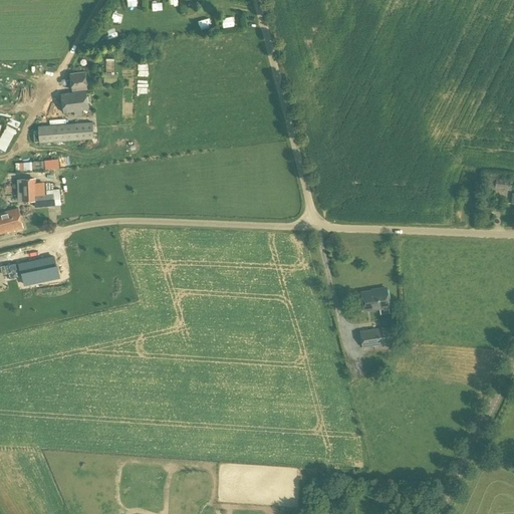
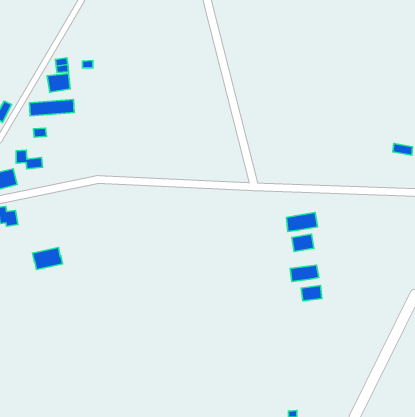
building: [22,258,59,285] -> [32,248,63,270]
building: none -> [286,212,318,231]
building: none -> [301,286,322,301]

